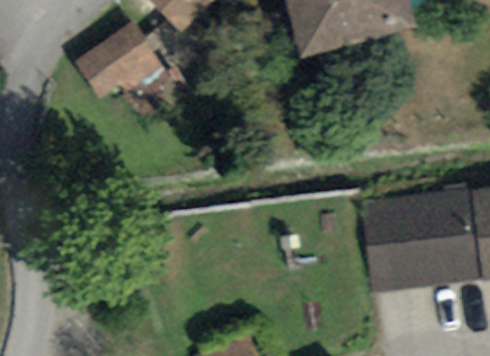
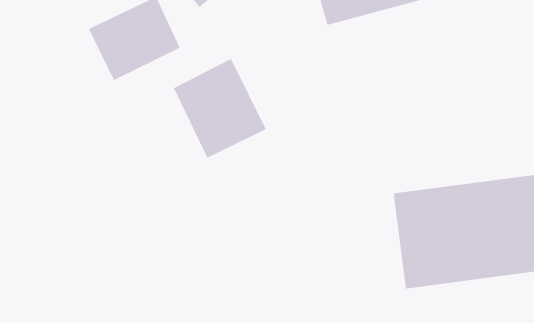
building: none -> [173,58,266,158]

